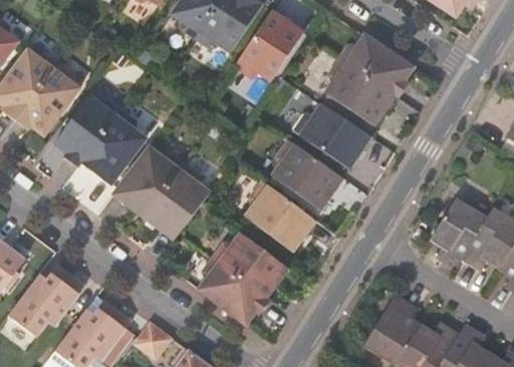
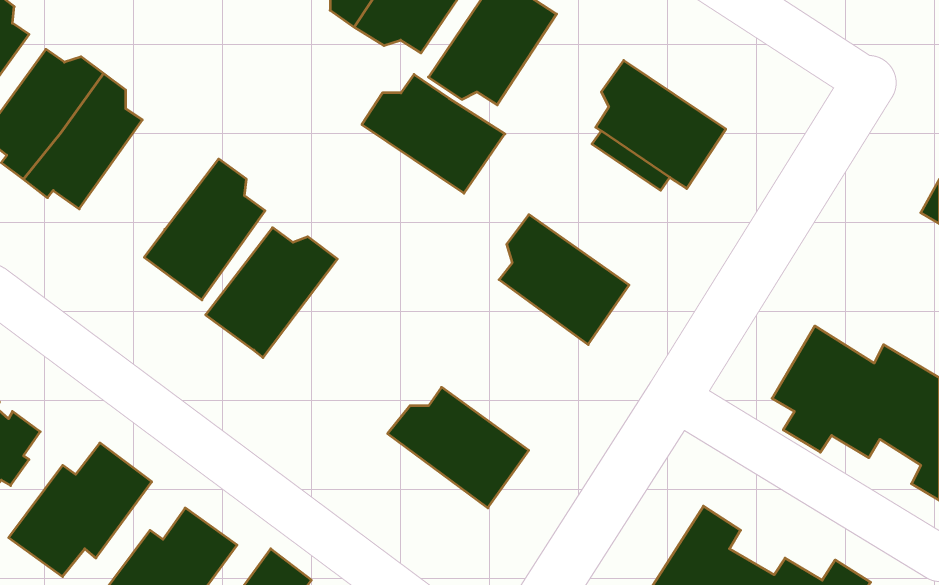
building: [340,34,414,96] -> none
building: [55,96,121,166] -> none
building: [294,103,371,167] -> [362,74,505,193]
building: [146,163,211,239] -> none
building: [246,179,317,251] -> none
building: [200,258,271,324] -> none

